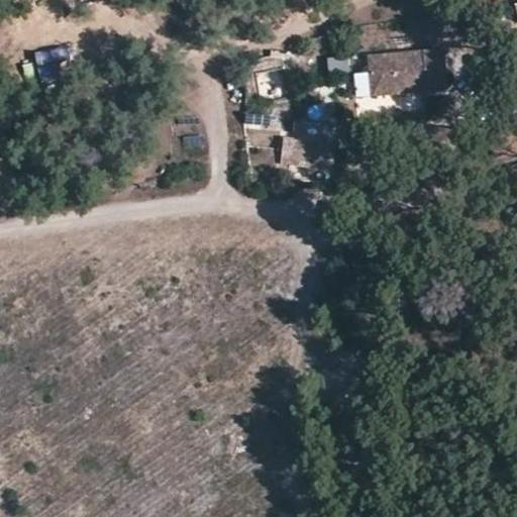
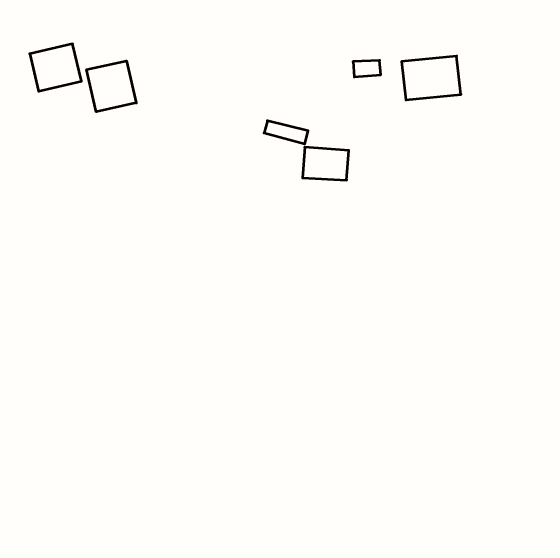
building: none -> [87,61,136,112]

